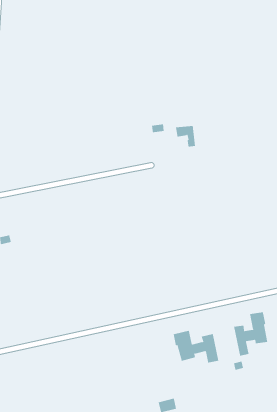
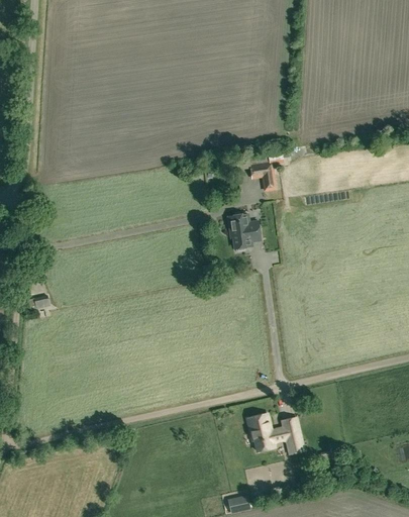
building: none -> [228,212,260,251]
building: [234,311,268,356] -> none

